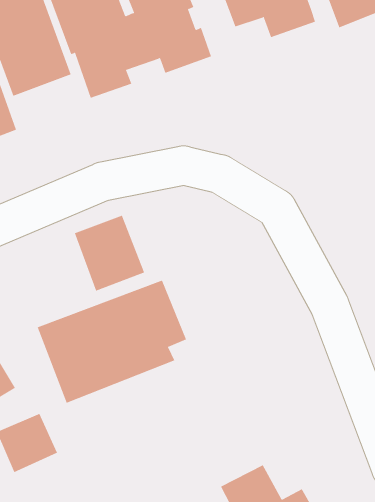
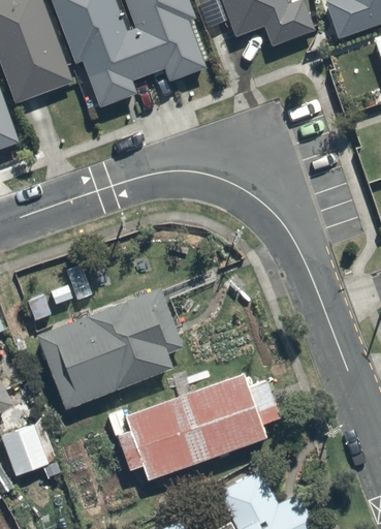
building: [74,215,145,292] -> none
building: none -> [120,372,283,480]

